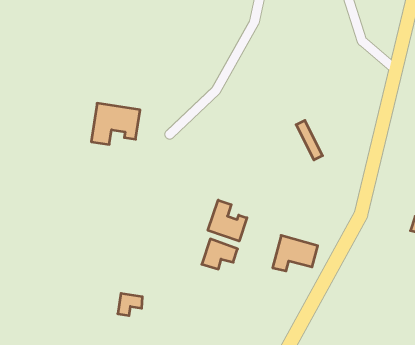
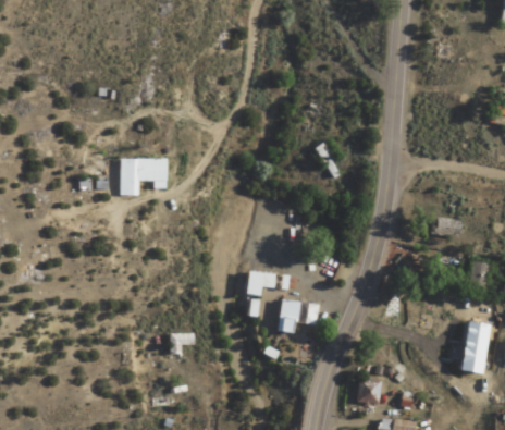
building: [208,200,247,241] -> none
building: [273,235,318,271] -> [280,299,319,332]

